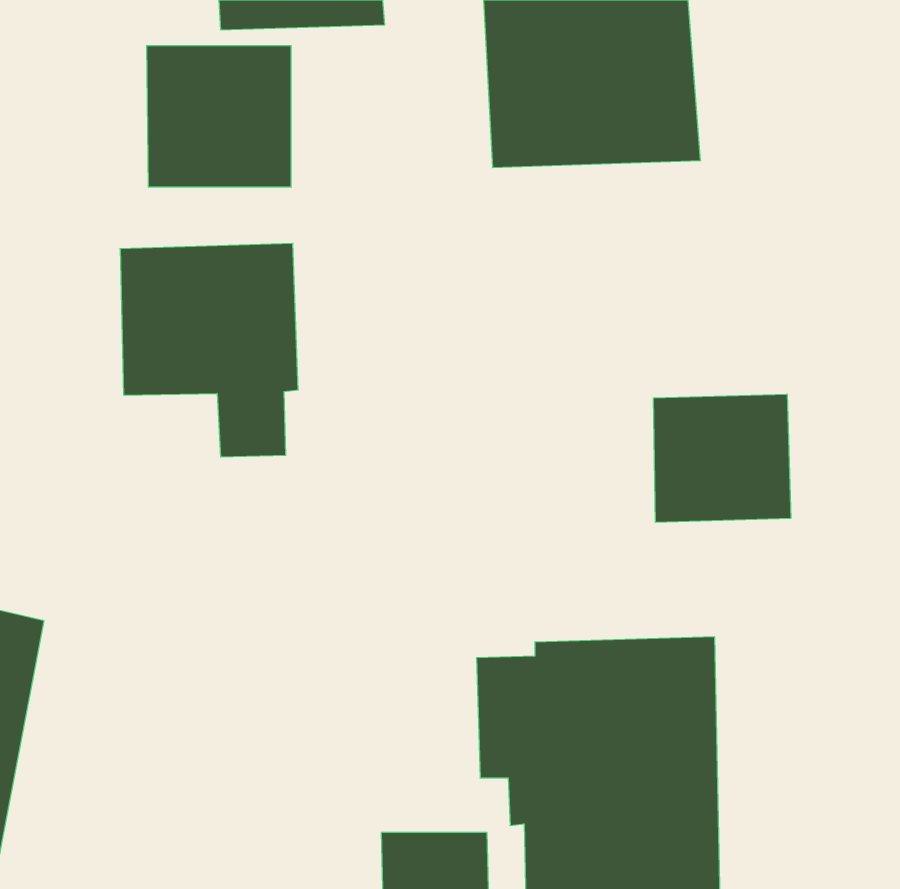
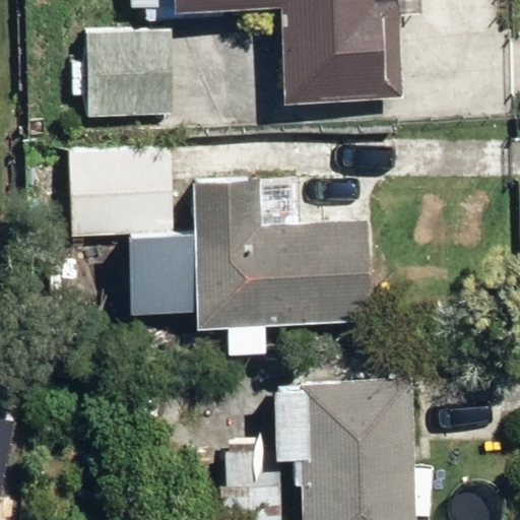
building: none -> [193,172,368,324]
building: [654,394,791,522] -> none

